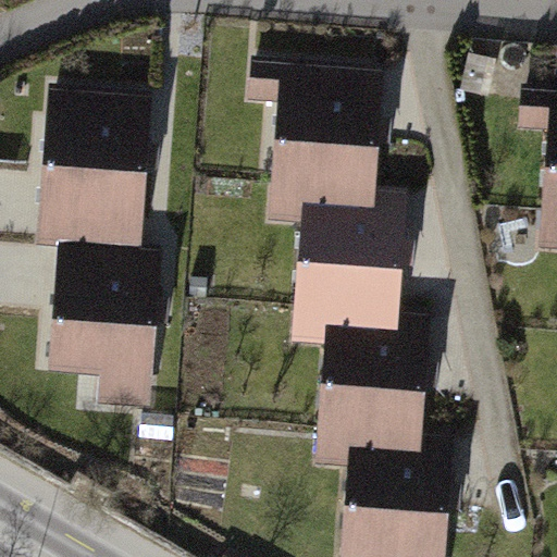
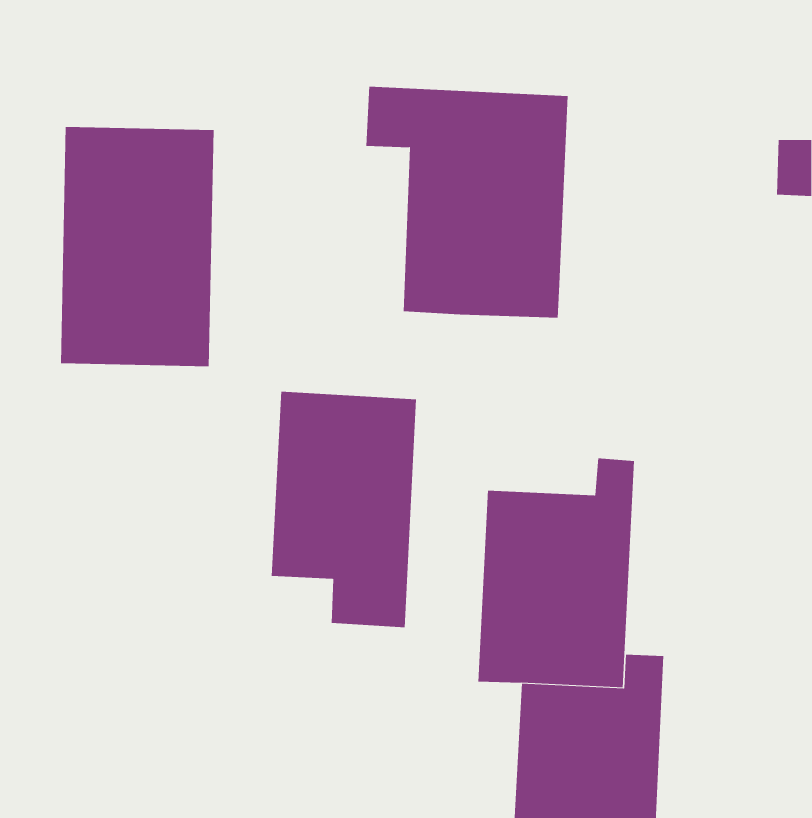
building: [302,198,405,339] -> none
building: [59,259,157,418] -> [271,391,417,628]

